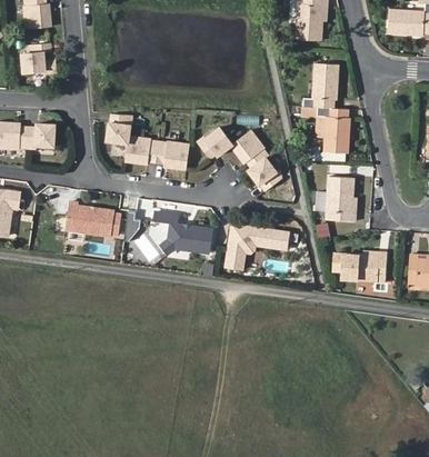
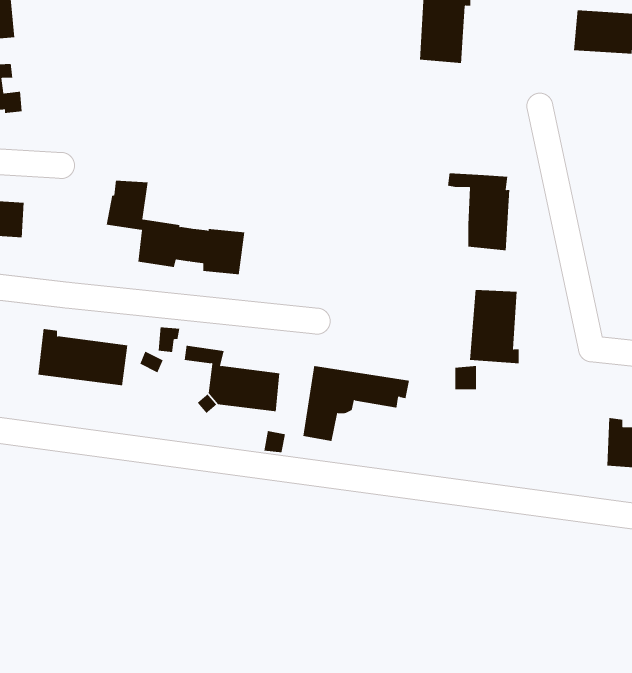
building: [301,64,338,109] -> none
building: [199,127,285,189] -> none
building: [332,252,386,282] -> none

